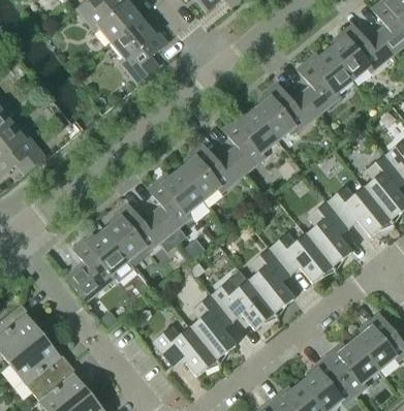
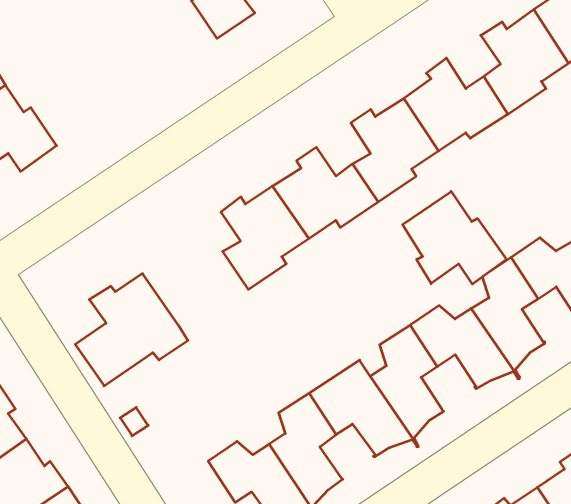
building: none -> [403,191,506,284]
building: [103,203,168,259] -> none

